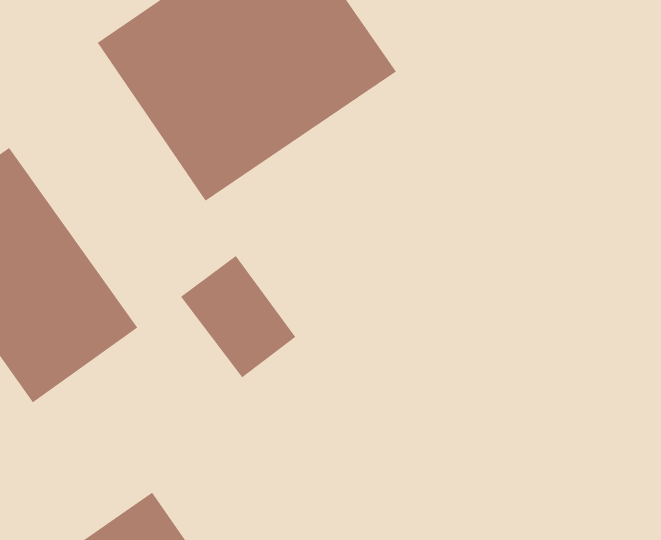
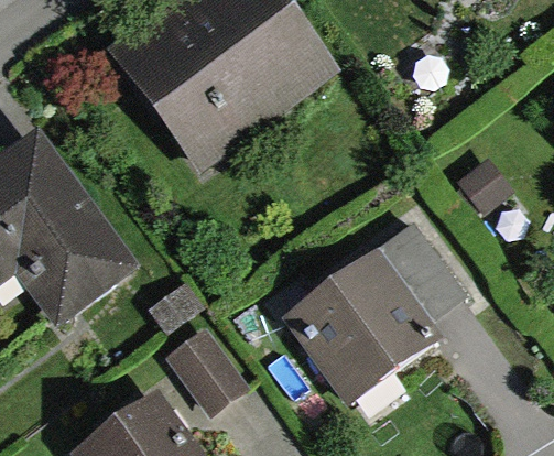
building: [180,255,296,378] -> [162,322,251,416]
building: none -> [289,222,465,397]

